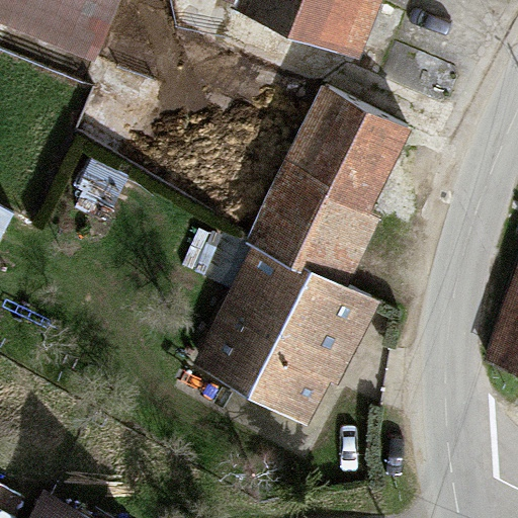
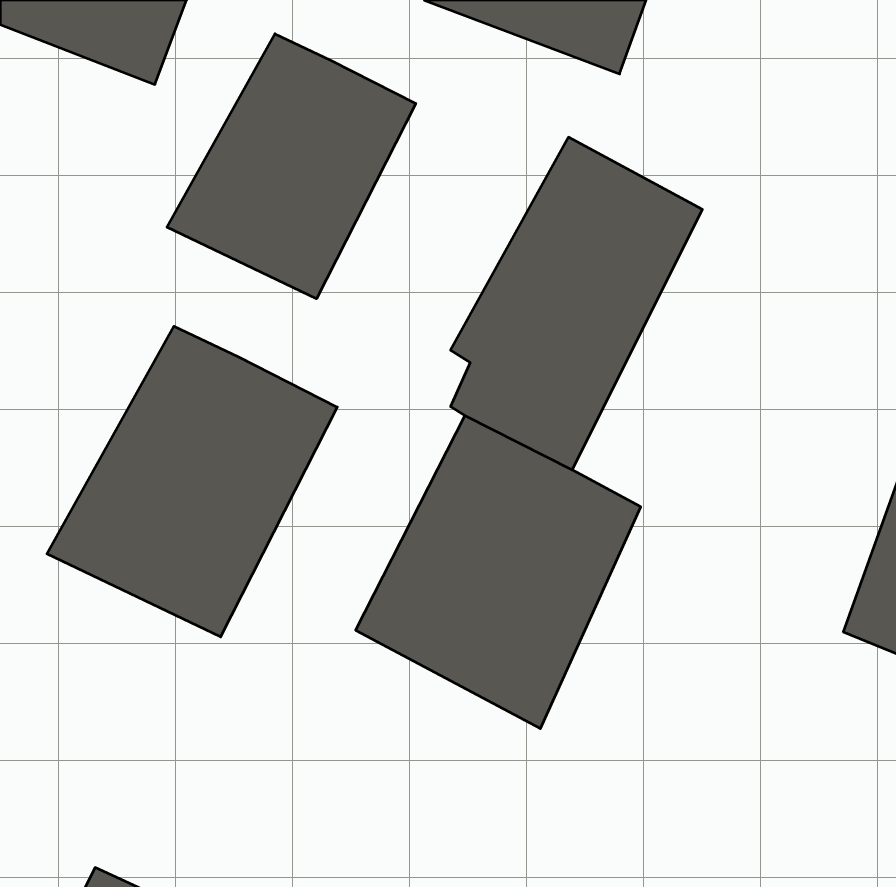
building: none -> [167,34,416,299]
building: none -> [47,326,337,637]

